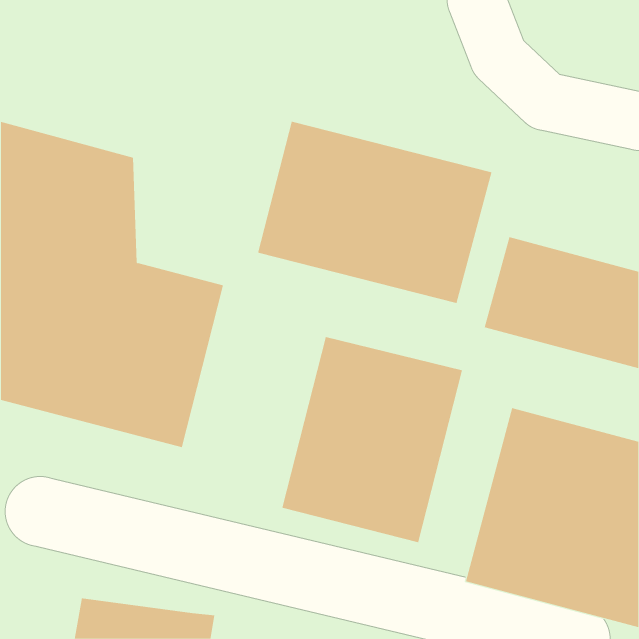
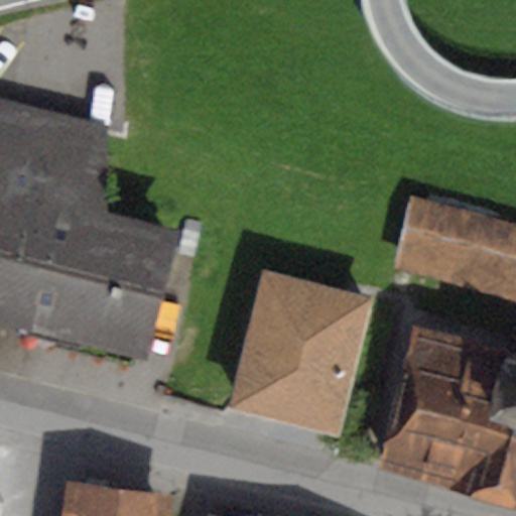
building: [258,121,492,304] -> none

